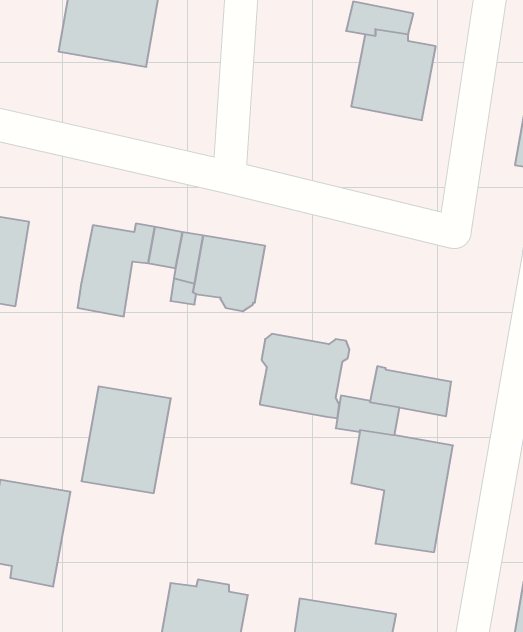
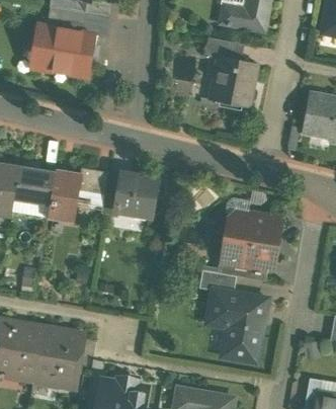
building: none -> [13,167,55,204]
building: [260,334,349,418] -> [228,213,280,262]
building: [81,386,171,493] -> [32,326,85,389]

